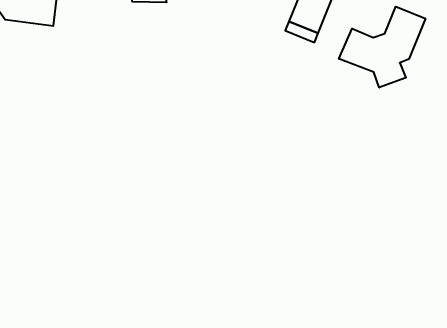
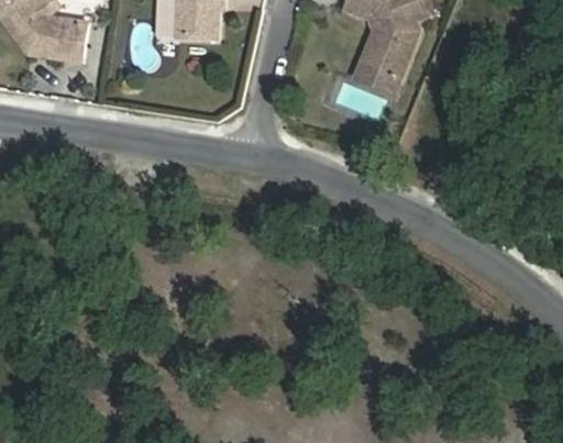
building: [339,7,425,88] -> none

